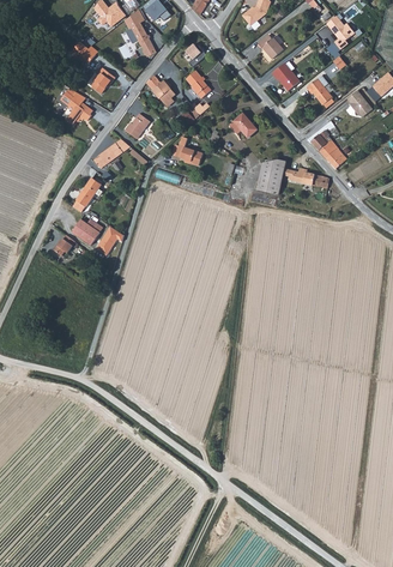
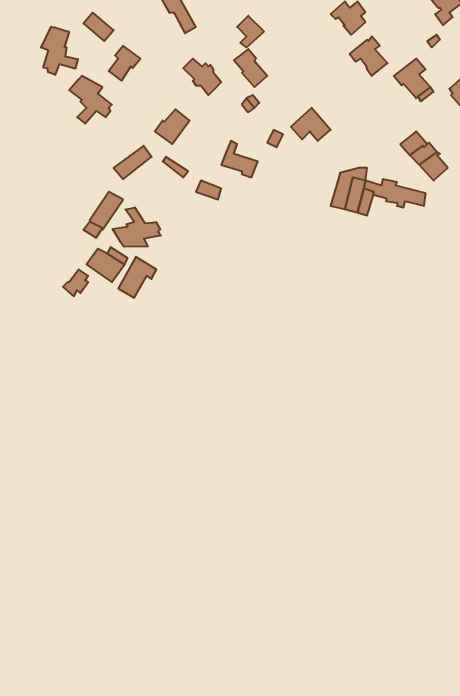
building: none -> [41,27,78,75]
building: none -> [113,207,161,247]

